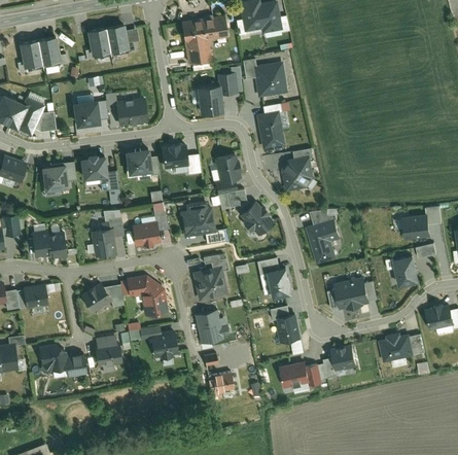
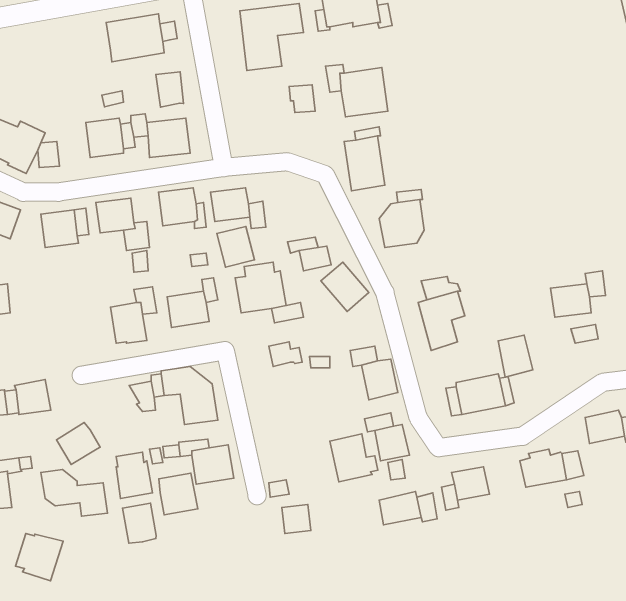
building: [17,34,59,68] -> none
building: none -> [156,72,183,107]
building: [197,85,222,114] -> none
building: [213,153,240,182] -> [217,226,255,267]
building: [30,231,66,259] -> none
building: [395,255,420,285] -> [498,335,533,377]
building: [193,271,223,300] -> none
building: [79,282,110,312] -> [57,423,100,465]
building: [192,310,226,344] -> [330,434,378,482]
building: none -> [159,473,198,515]
building: none -> [122,503,156,543]
building: none -> [16,534,63,581]

